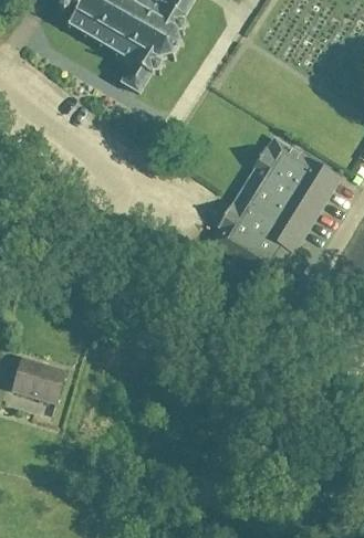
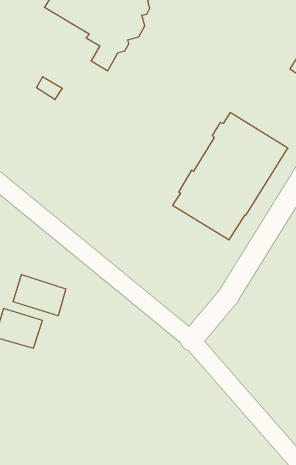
building: none -> [13,274,66,316]

